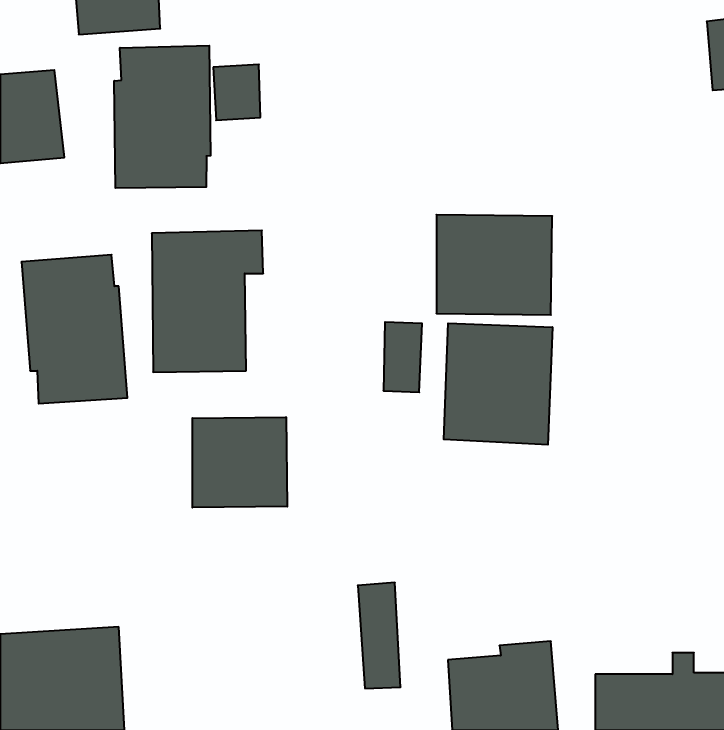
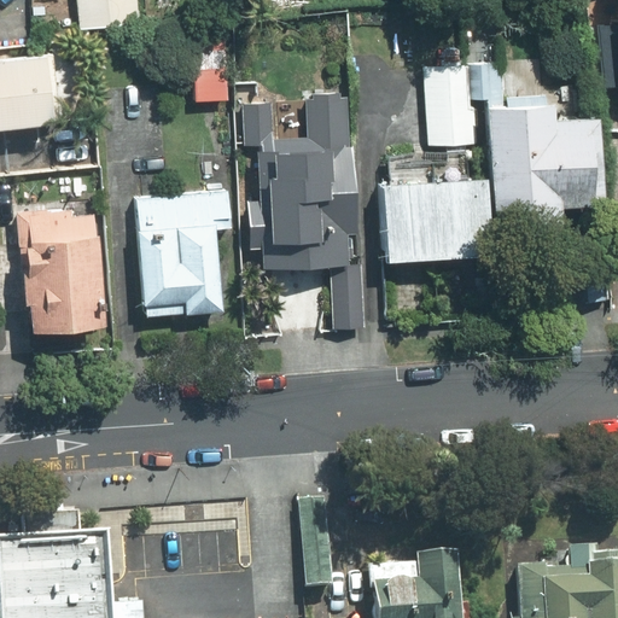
building: [114,46,211,188] -> none
building: none -> [426,65,582,232]
building: none -> [241,95,348,272]
building: [444,323,552,445] -> none
building: [192,417,287,508] -> none

